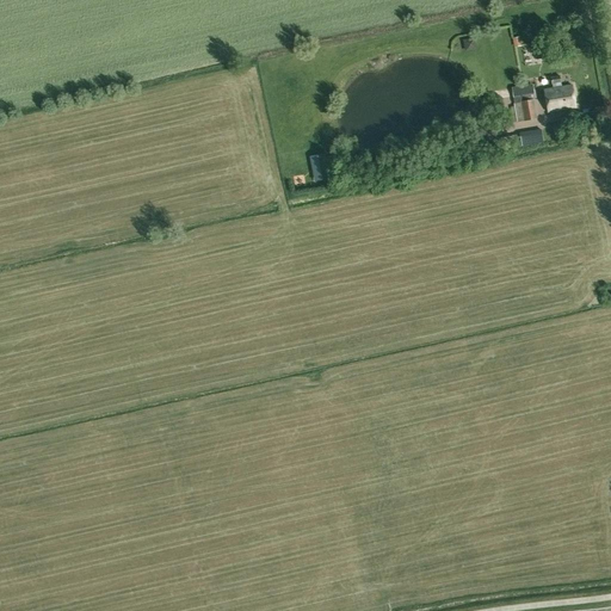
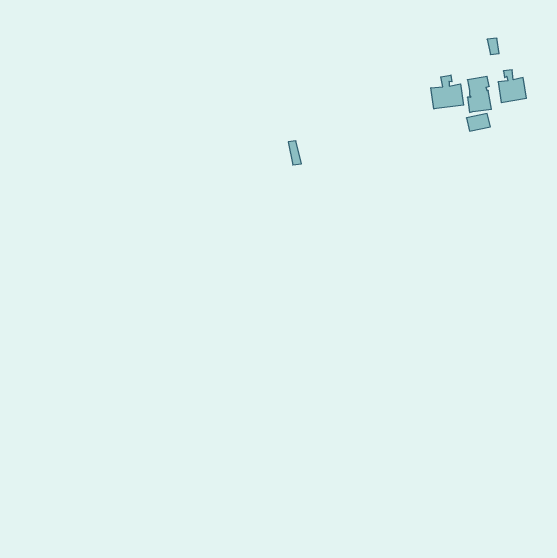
building: none -> [431,75,464,109]

